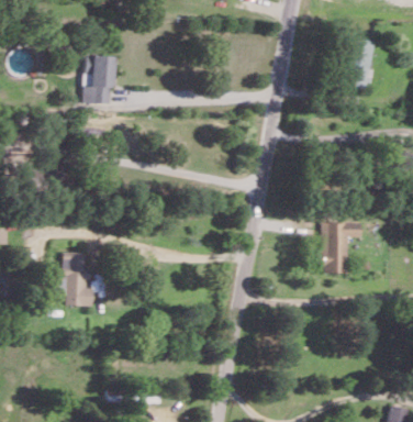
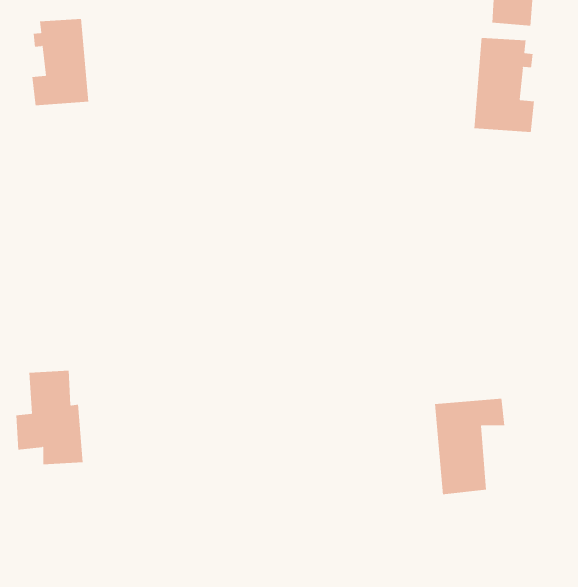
building: none -> [474,37,535,133]
building: [322,221,361,273] -> [434,398,505,495]

